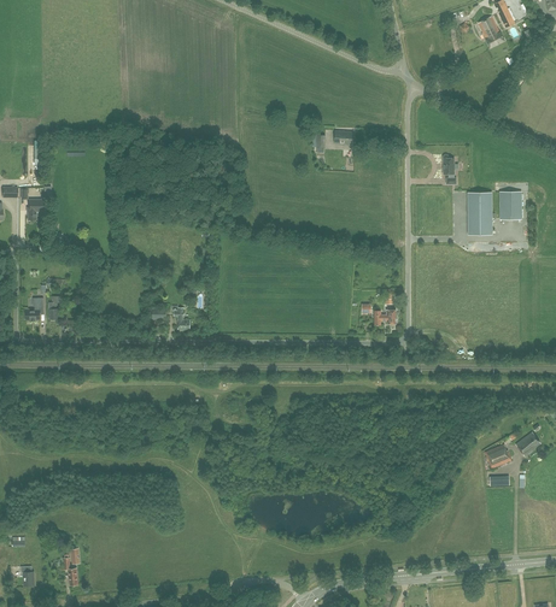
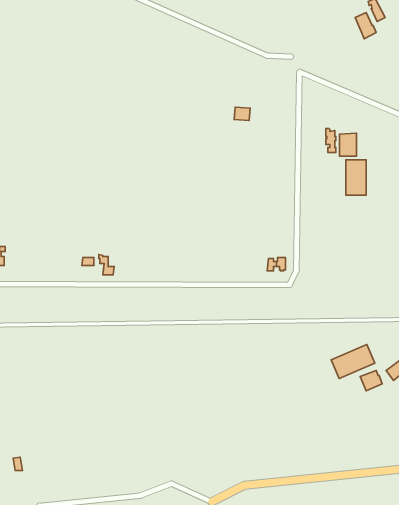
building: [499,190,520,218] -> [339,133,357,156]
building: none -> [331,345,375,379]

